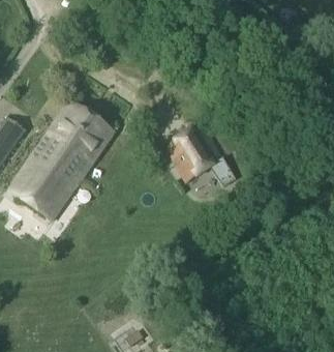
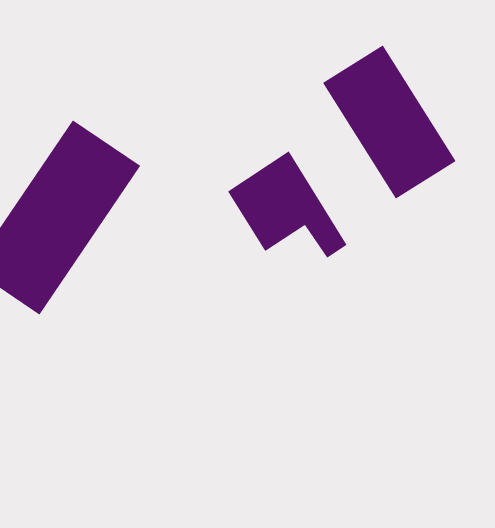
building: none -> [322,44,457,199]

